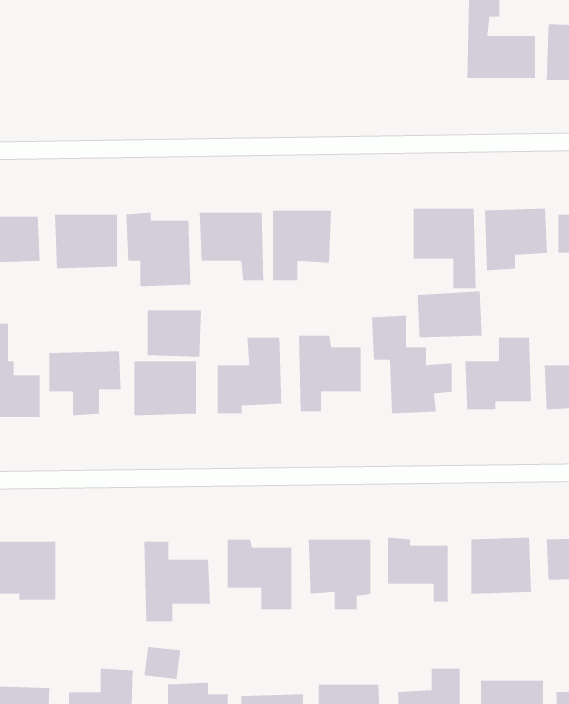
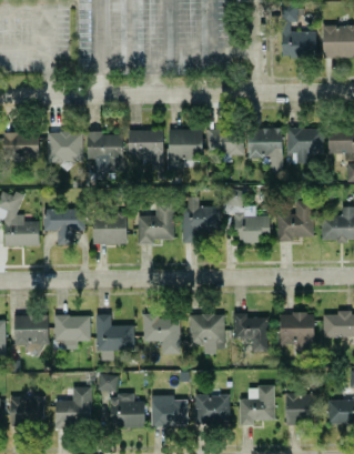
building: [417,291,482,338] -> [206,129,243,155]
building: [147,309,202,357] -> none
building: none -> [53,315,91,350]

